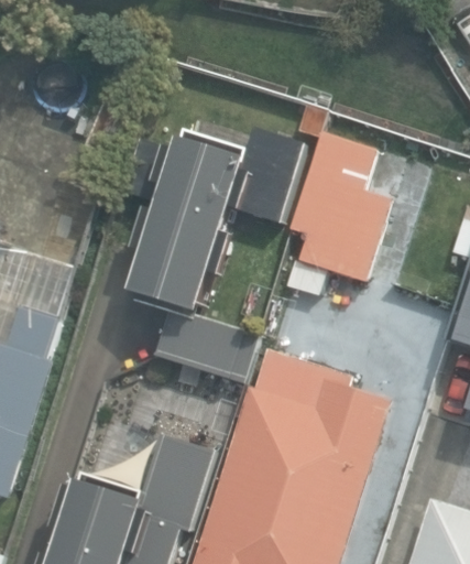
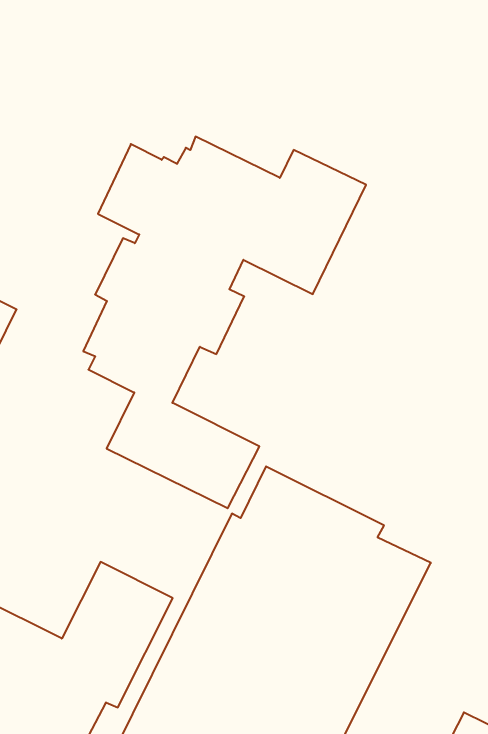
building: [289,130,392,282] -> none

